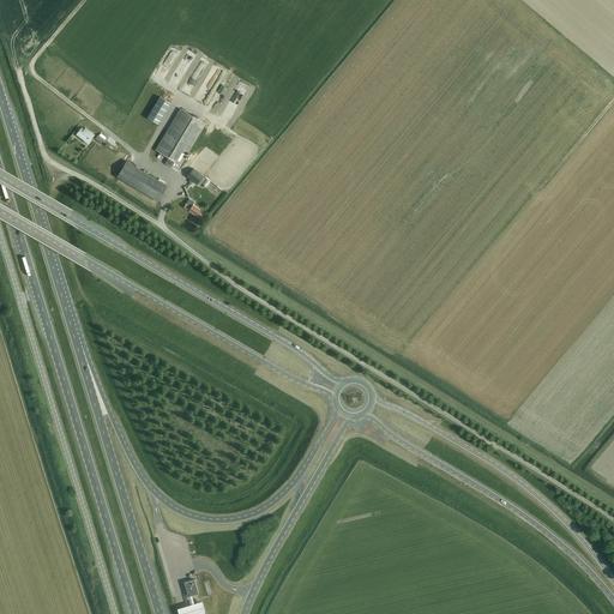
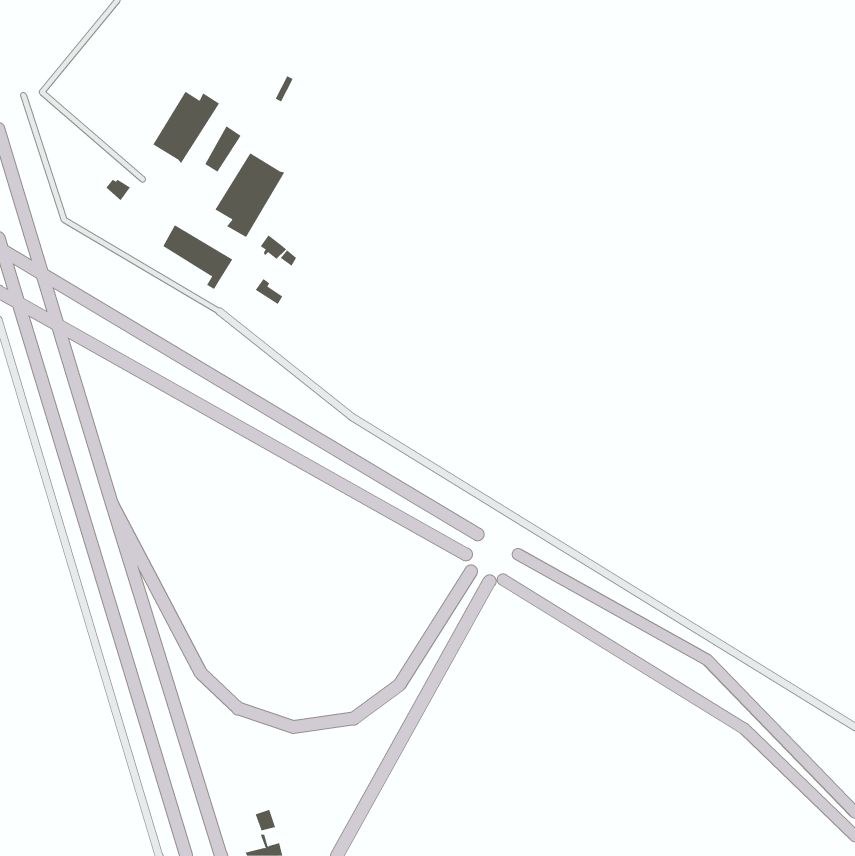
building: none -> [153,91,220,164]

